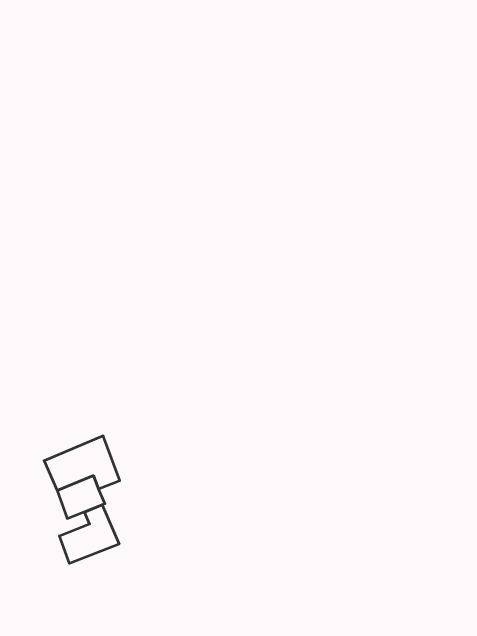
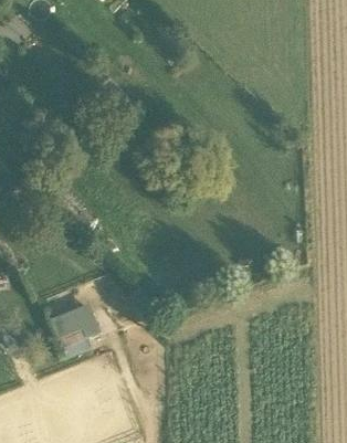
building: [59,505,119,563] -> none

